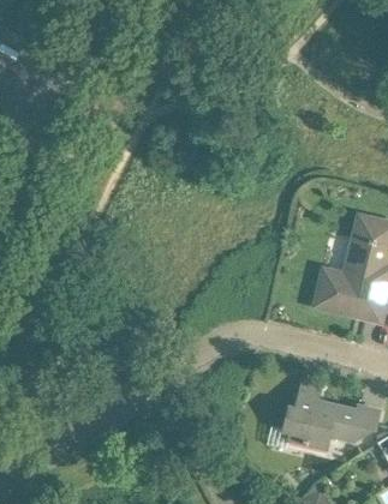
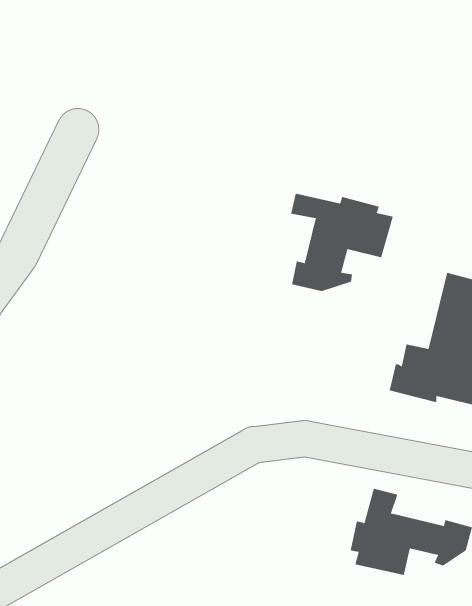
building: none -> [290,193,393,292]

